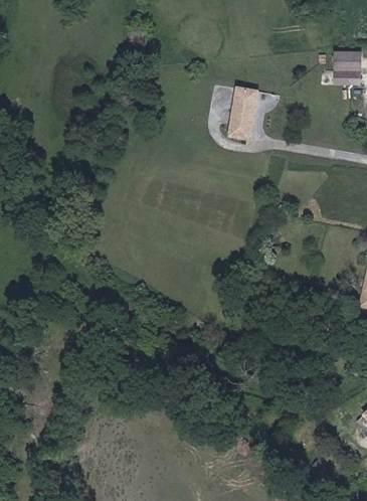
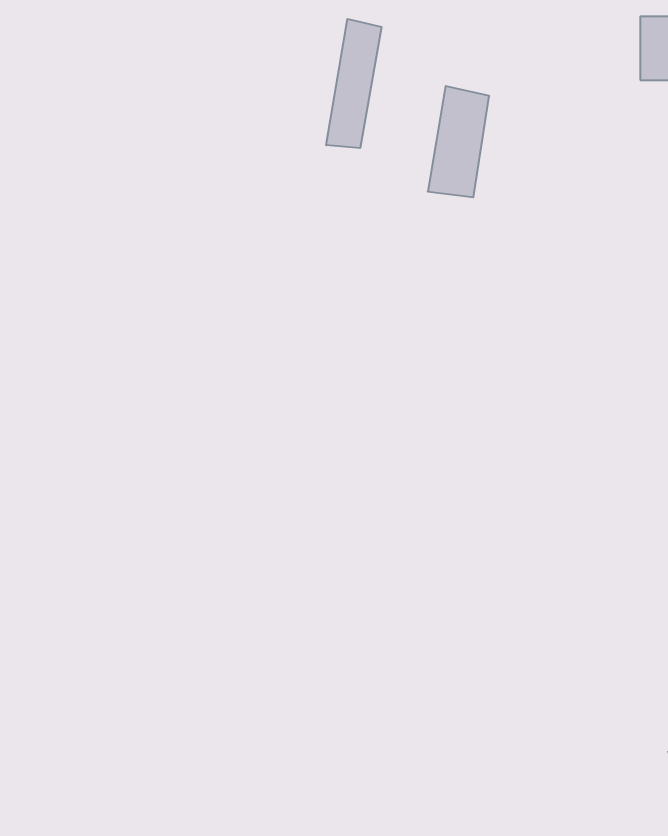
building: none -> [326,19,382,148]

